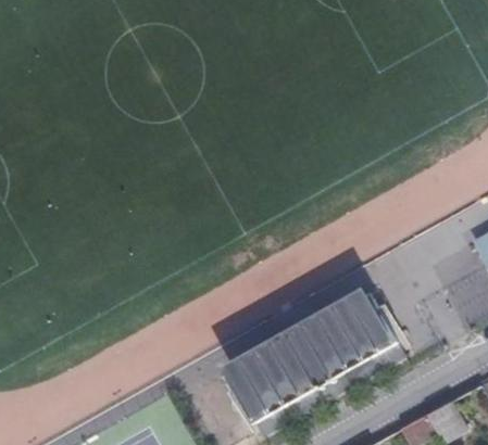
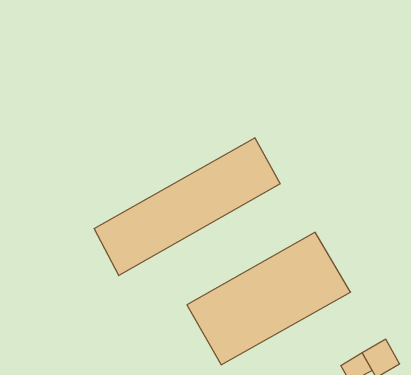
building: none -> [94,138,280,276]

